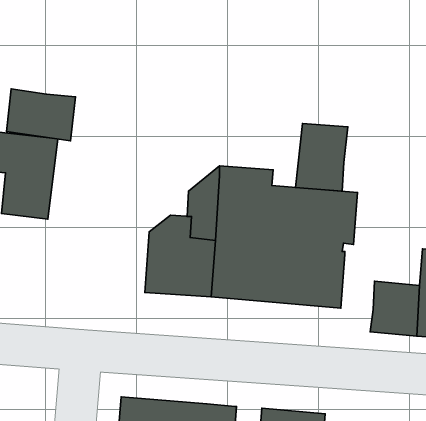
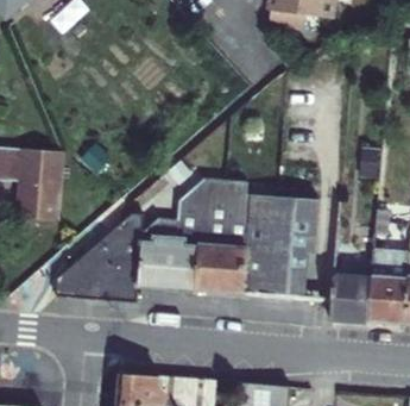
building: [7,89,75,141] -> none
building: [296,124,348,191] -> none
building: none -> [51,214,143,302]

